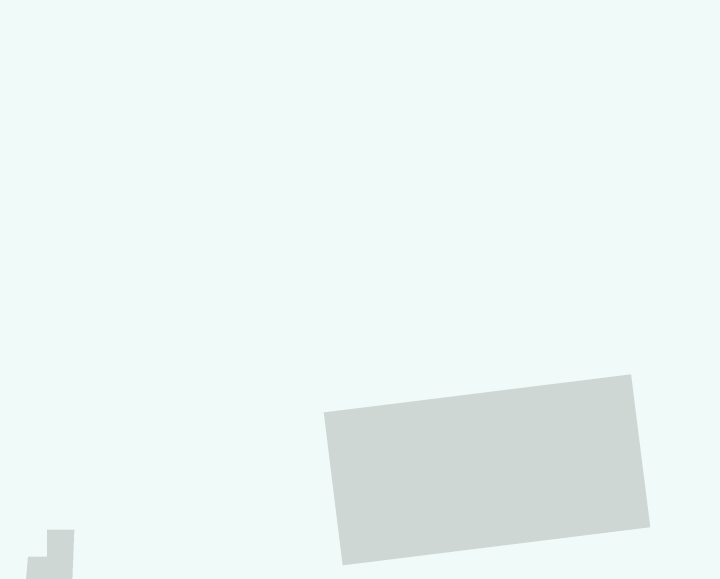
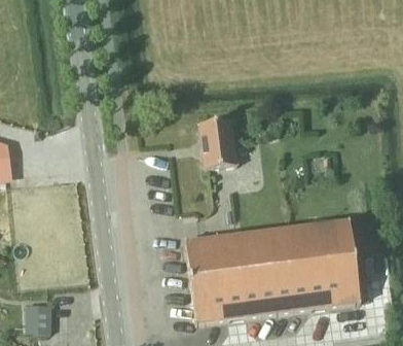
building: none -> [197,119,239,169]

